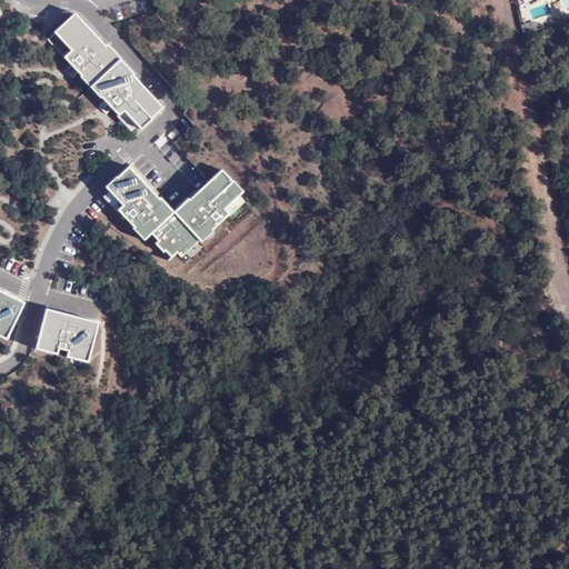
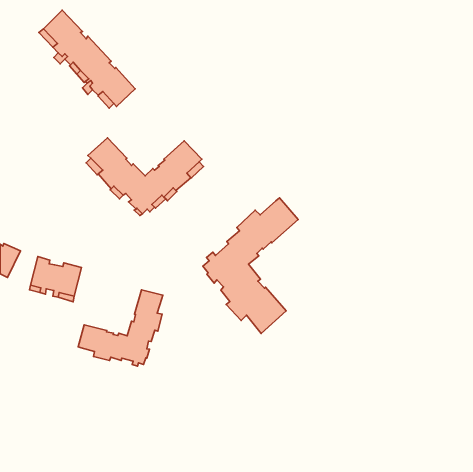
building: none -> [203,198,298,333]
building: none -> [78,290,163,366]

